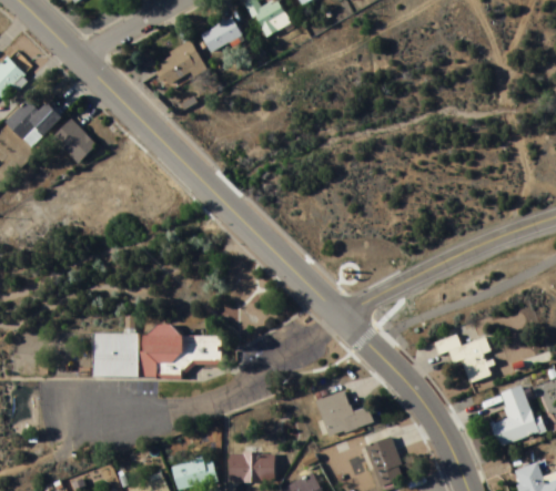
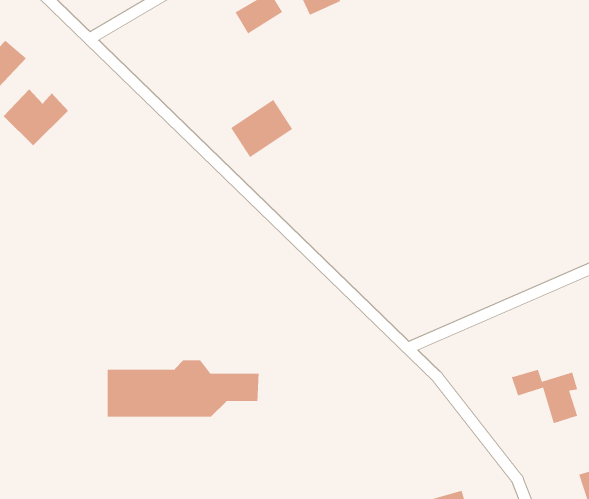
building: [151,40,204,90] -> [230,99,293,158]
building: [51,119,95,163] -> none
building: [315,390,373,438] -> none

